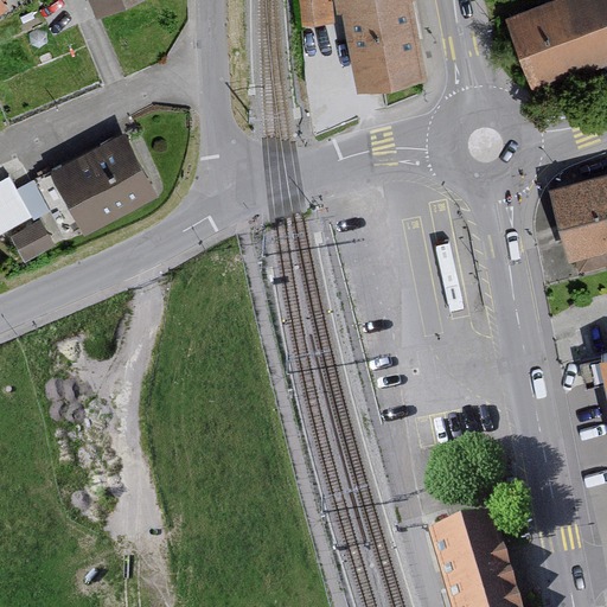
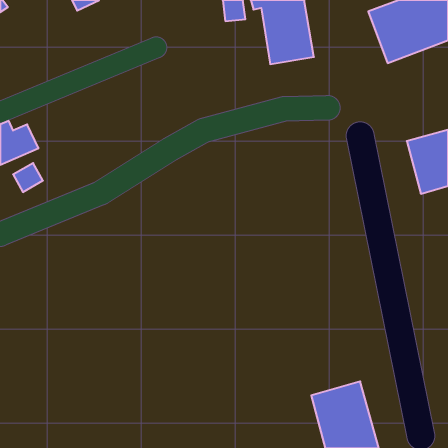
building: [59,132,167,232] -> none

